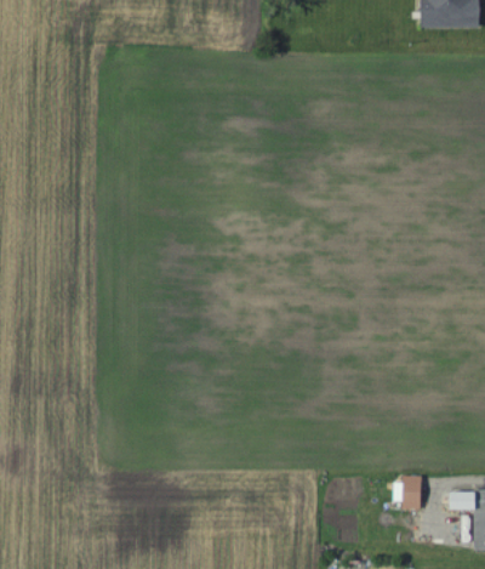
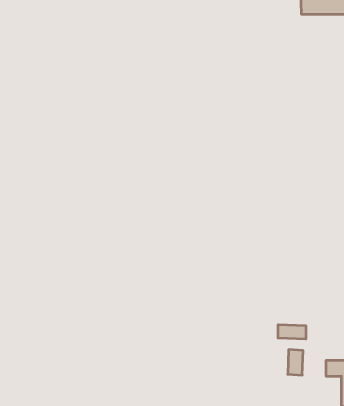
building: none -> [278,325,306,339]

